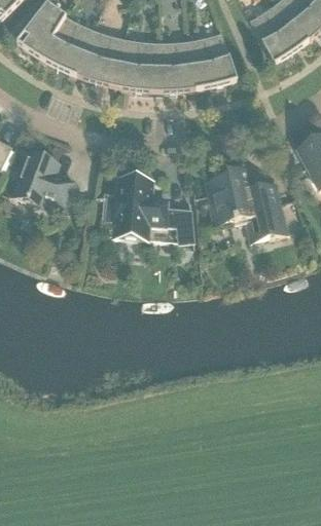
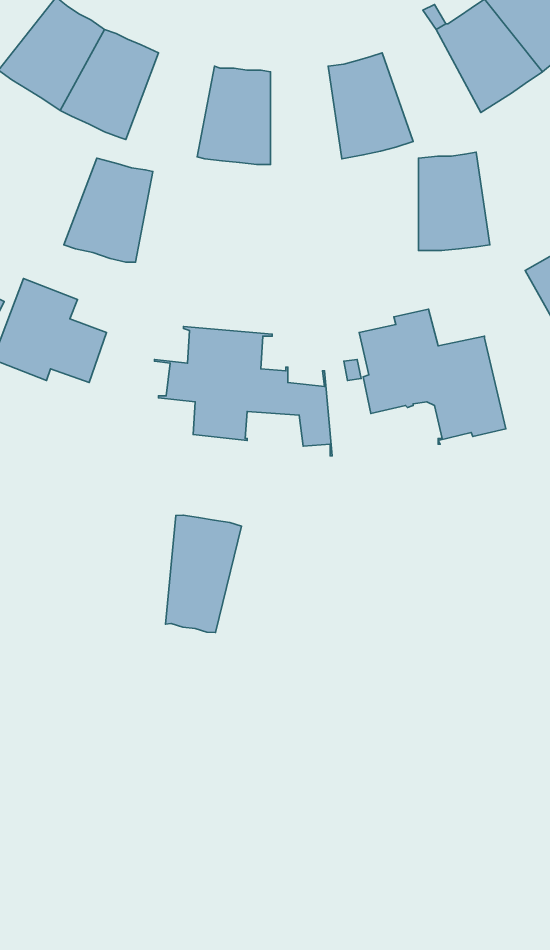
building: [82,31,130,86] -> [64,158,153,262]
building: [159,38,198,90] -> [418,152,490,251]
building: none -> [166,515,241,633]

